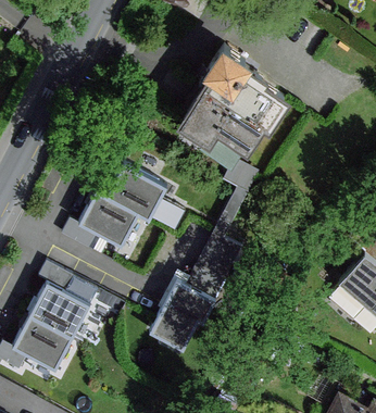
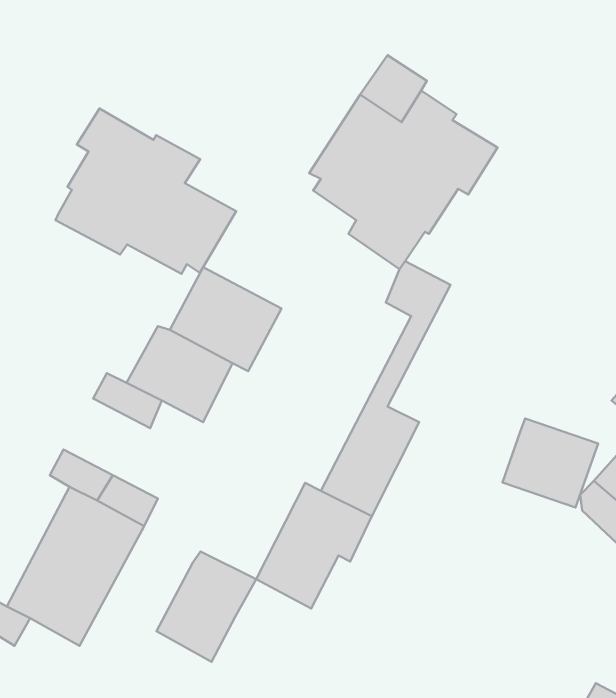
building: none -> [55,109,236,274]
building: none -> [503,418,598,507]
building: none -> [157,552,256,662]

